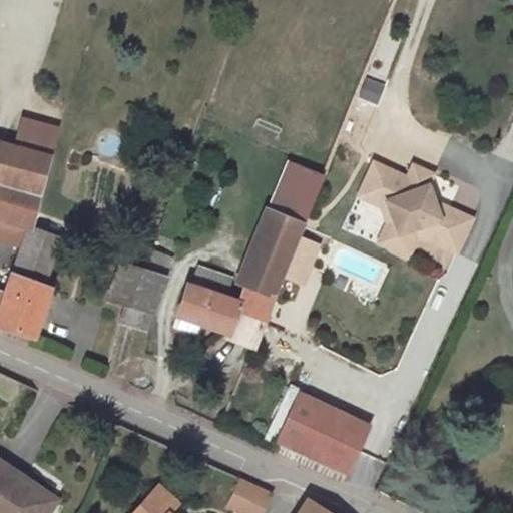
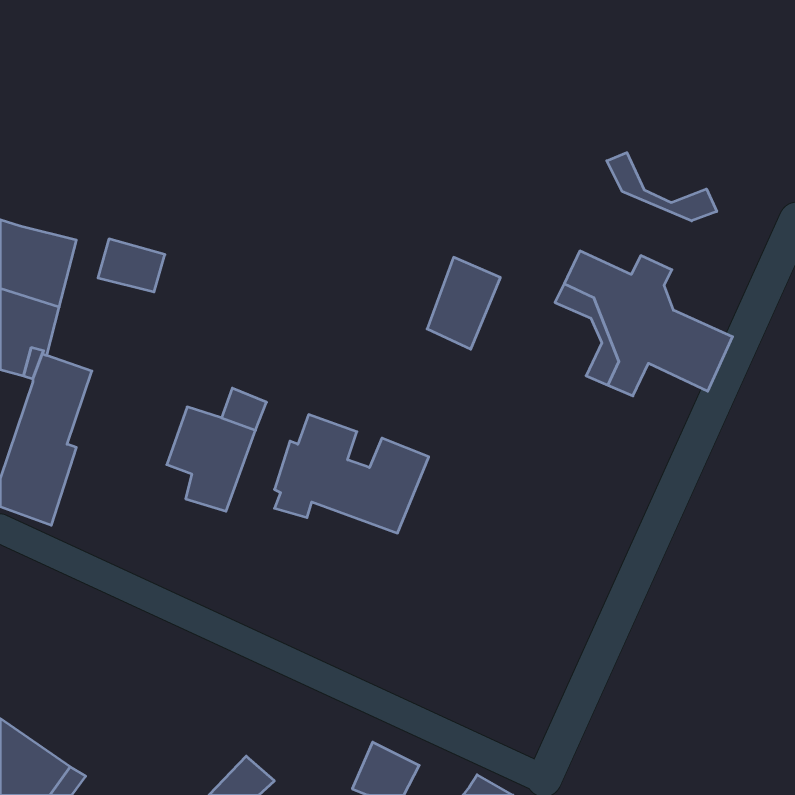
building: none -> [607,153,717,221]
building: [14,120,57,154] -> [98,239,165,292]
building: [239,208,304,294] -> none
building: [273,393,369,481] -> none

